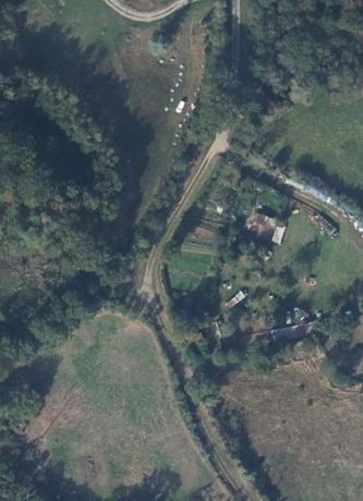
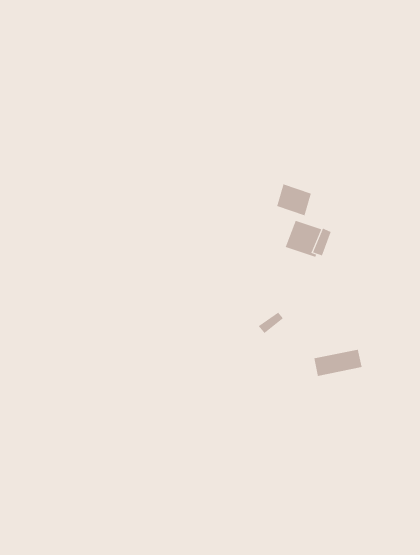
building: none -> [277,184,311,216]

